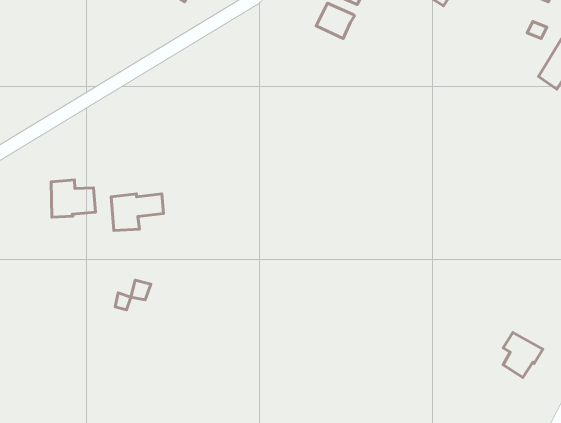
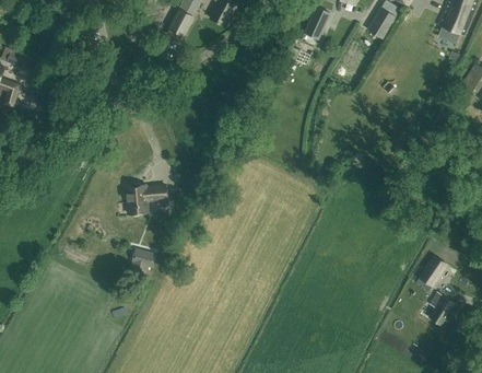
building: [51,180,96,217] -> none
building: none -> [415,256,447,291]

